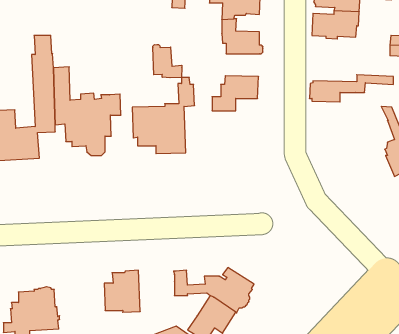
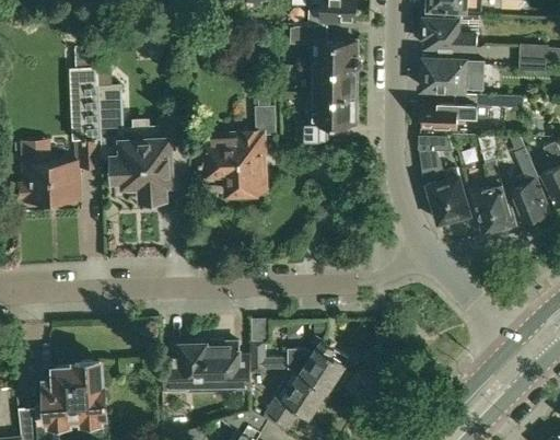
building: [153,45,182,78] -> none
building: none -> [420,61,485,92]
building: none -> [313,70,355,99]
building: none -> [472,136,514,238]
building: none -> [418,137,470,224]
building: none -> [205,340,250,392]

